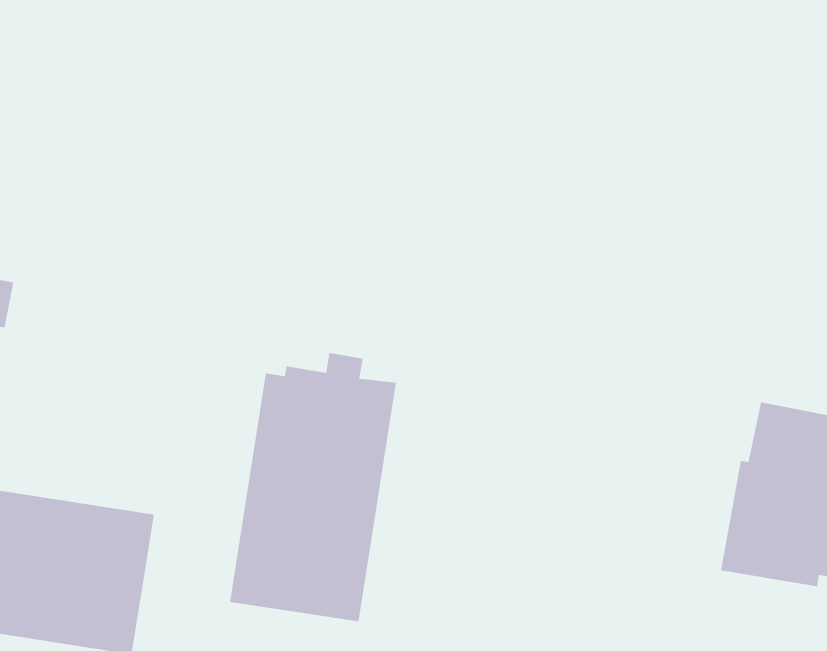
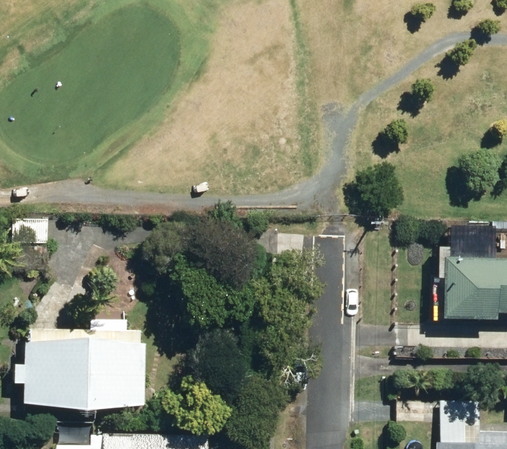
building: [229,352,397,622] -> none

